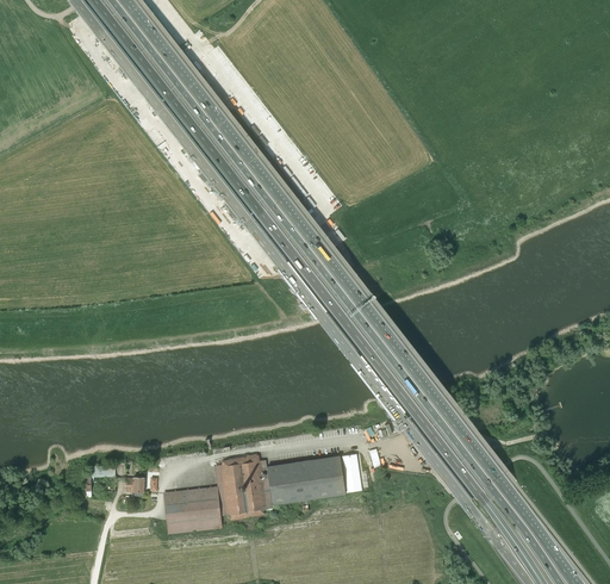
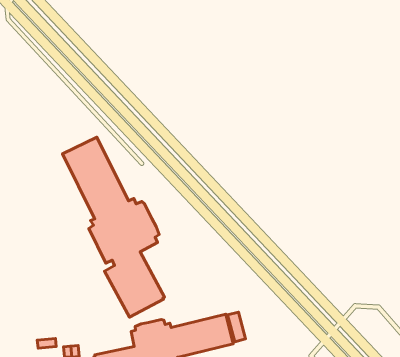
building: none -> [62,137,165,317]

